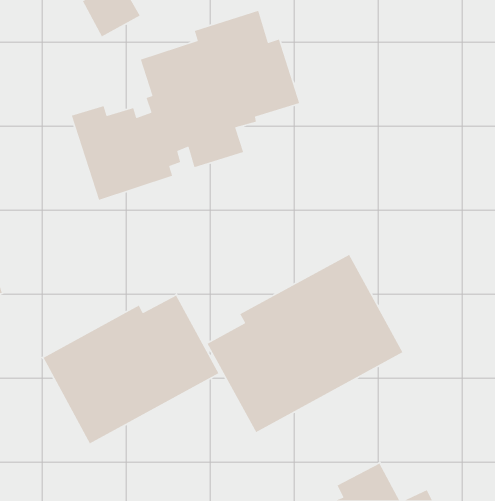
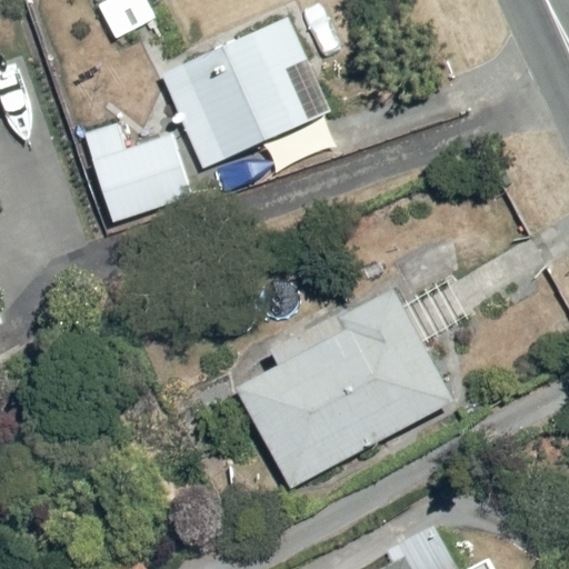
building: [42,294,219,445] -> none

